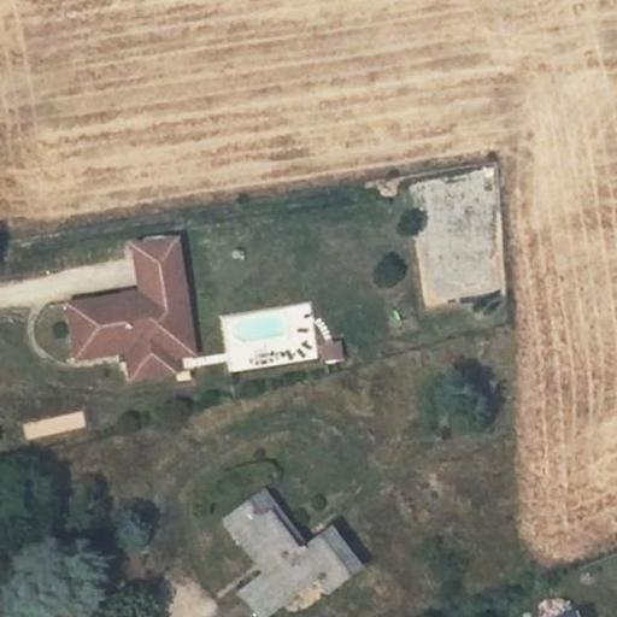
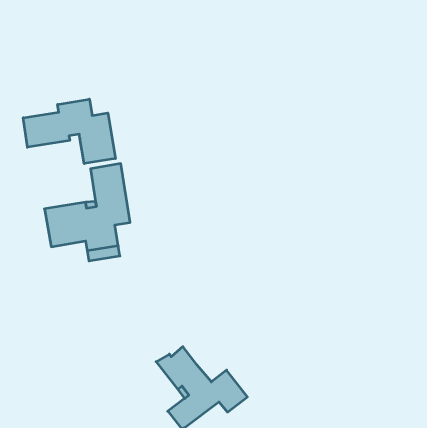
building: none -> [23,99,115,164]

